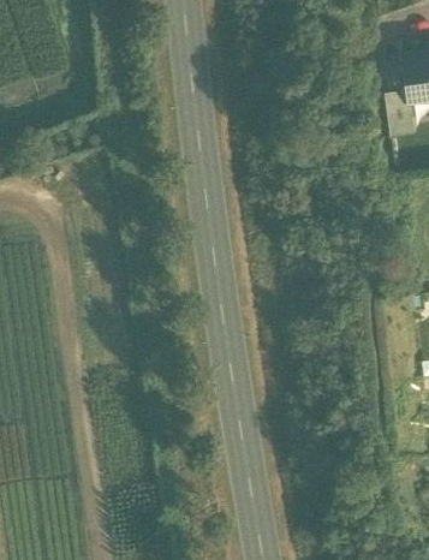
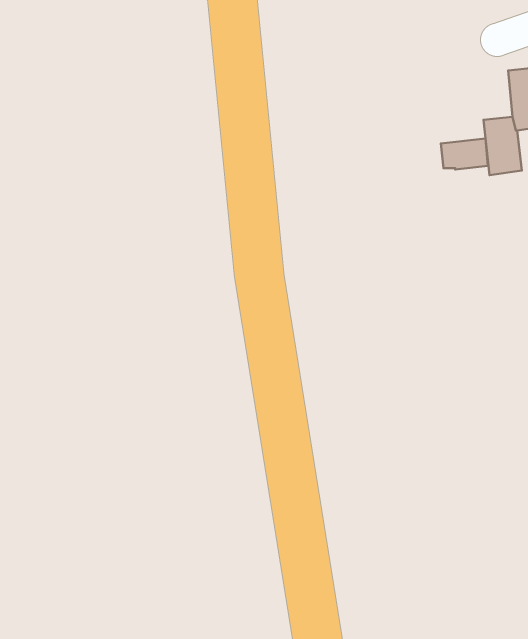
building: none -> [441,139,488,169]

